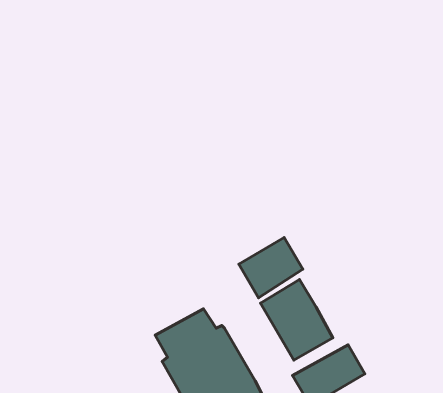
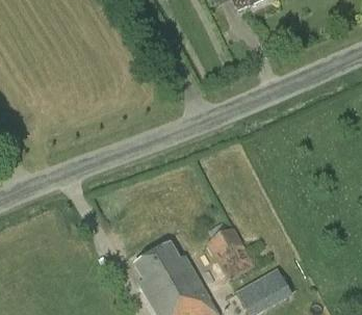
building: [239,238,303,298] -> none

